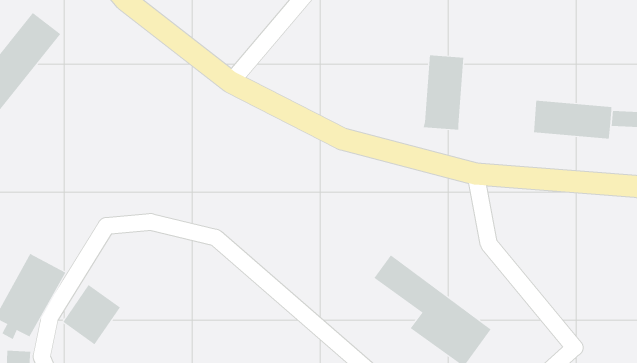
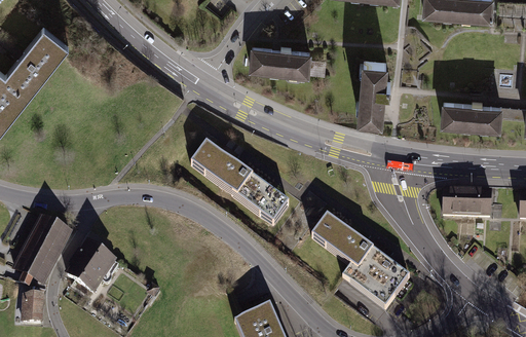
building: none -> [250,46,310,77]
building: none -> [192,143,291,226]
building: none -> [443,189,493,217]

